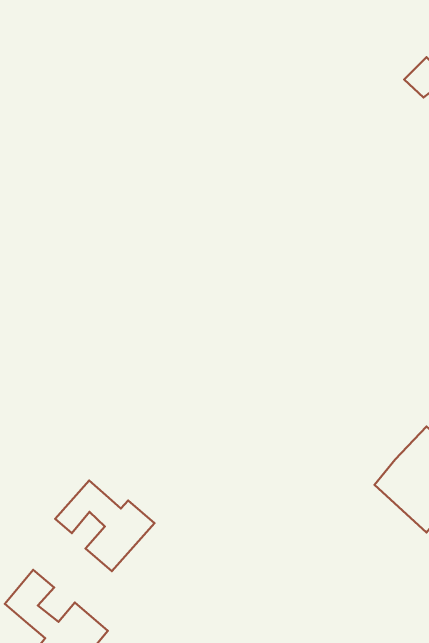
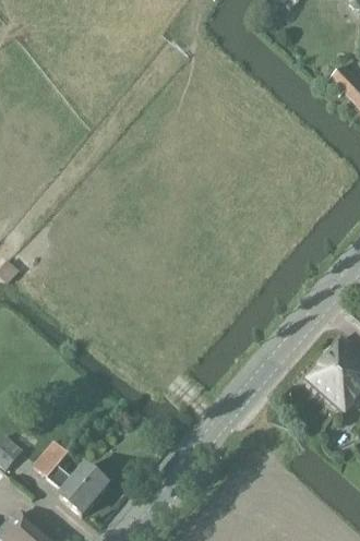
building: [55,481,154,571] -> none

